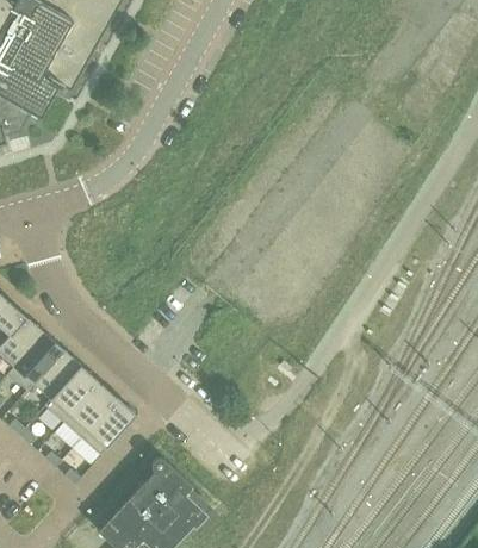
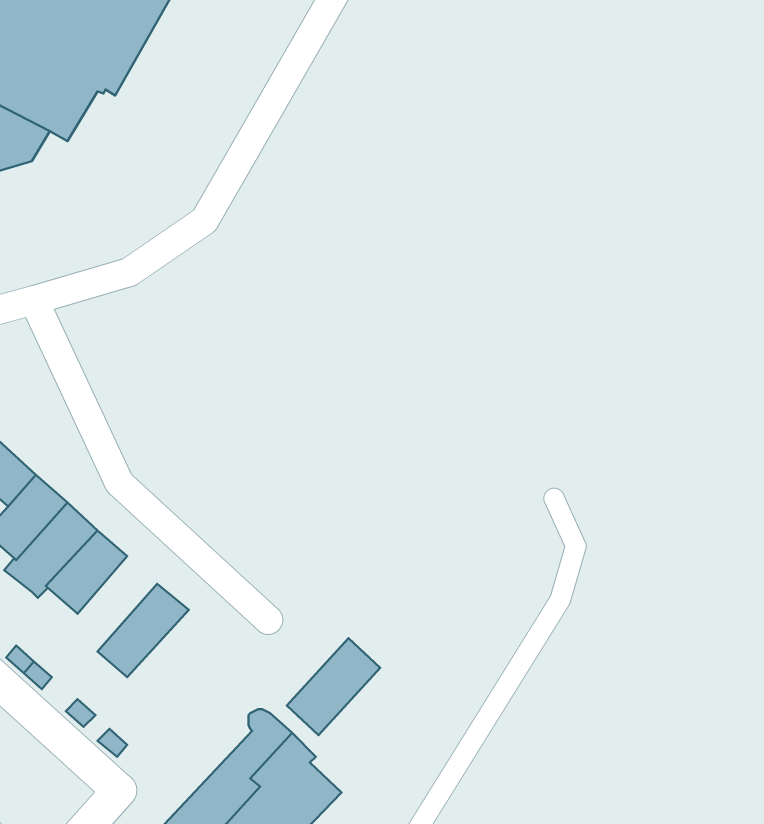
building: [42,366,97,423] -> none
building: [79,398,135,456] -> [287,638,380,735]

